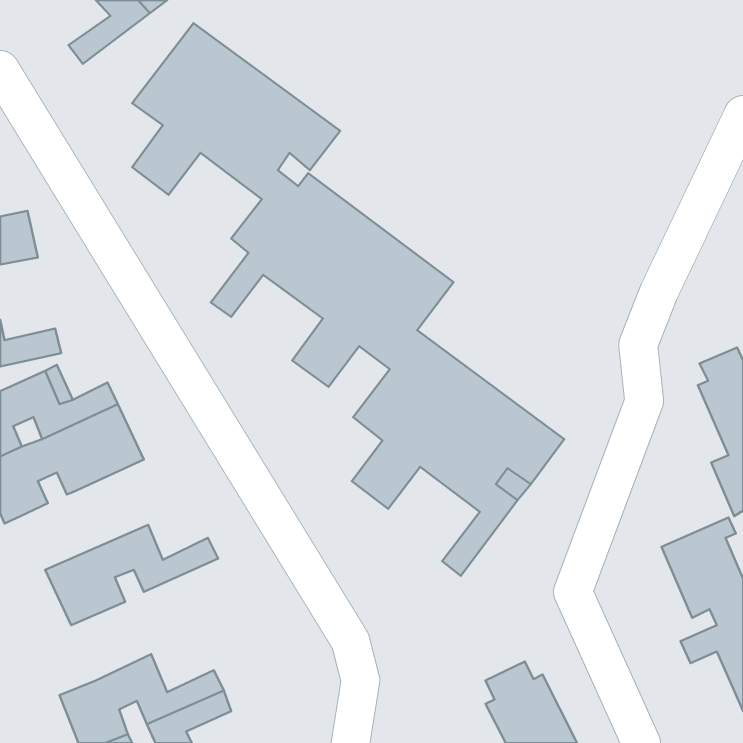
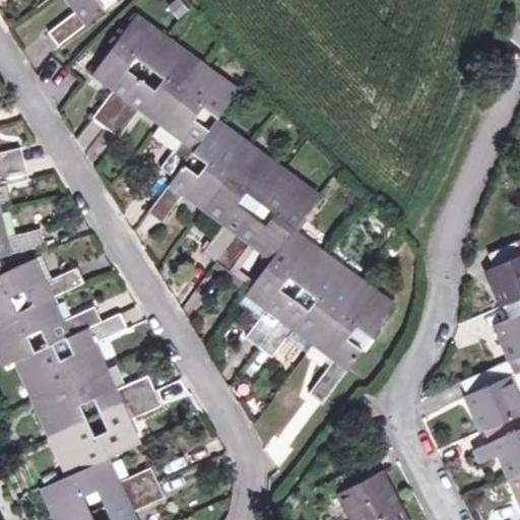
building: none -> [14,313,125,398]
building: none -> [50,390,158,475]

